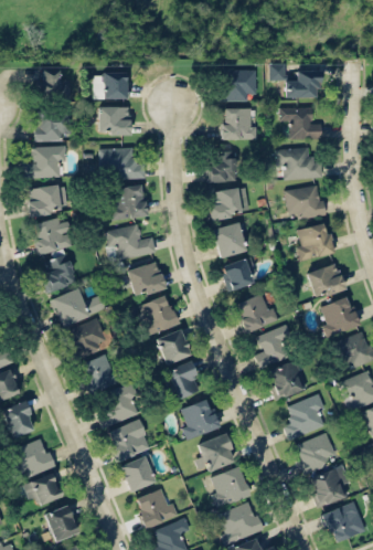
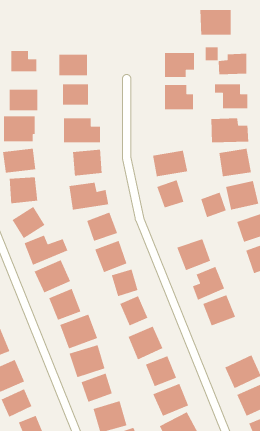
building: none -> [199,9,231,35]
building: [206,151,236,181] -> none
building: [221,258,253,290] -> [200,192,227,218]
building: [281,394,329,440] -> none

